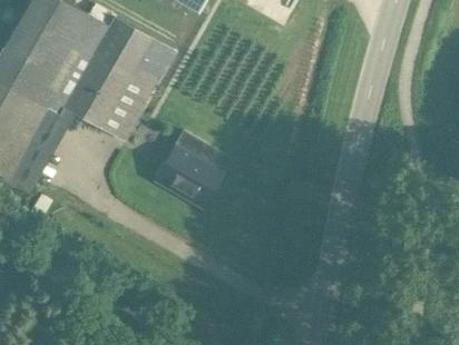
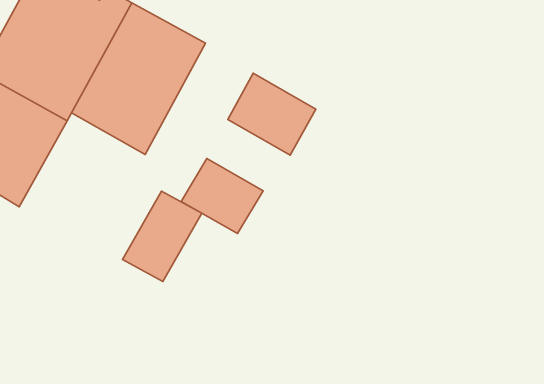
building: none -> [228,73,316,155]
building: none -> [123,191,202,281]

